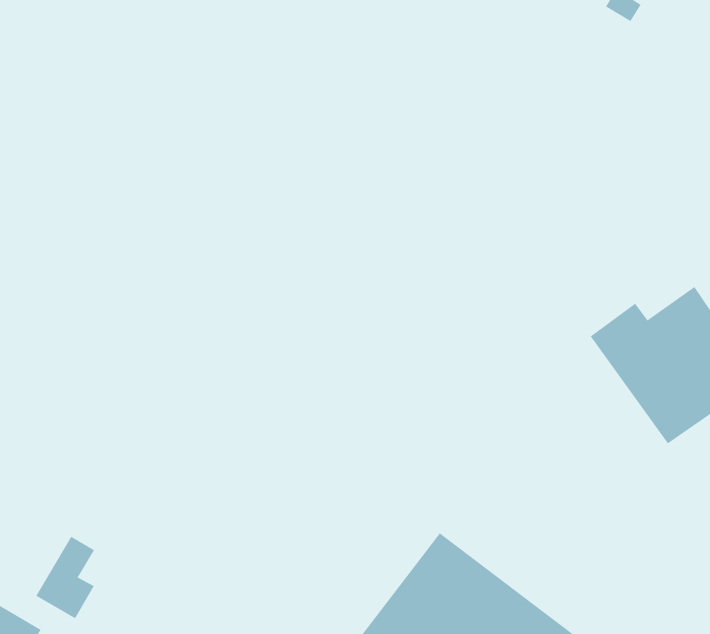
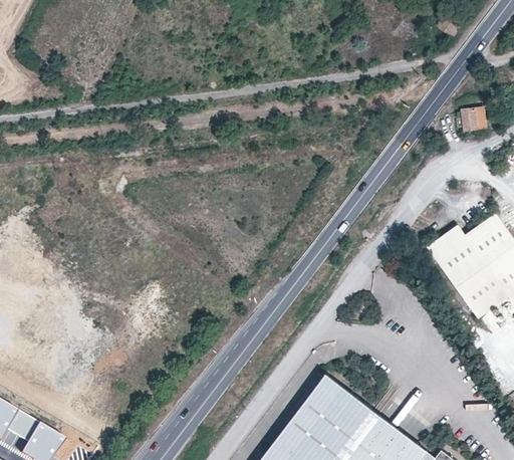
building: none -> [461,108,486,132]
building: [35,536,95,619] -> none

